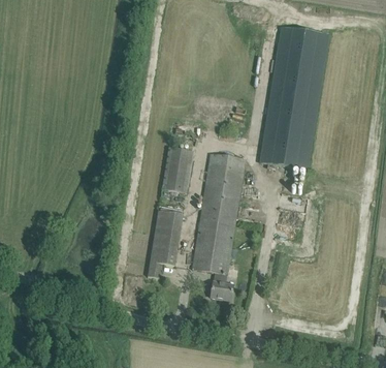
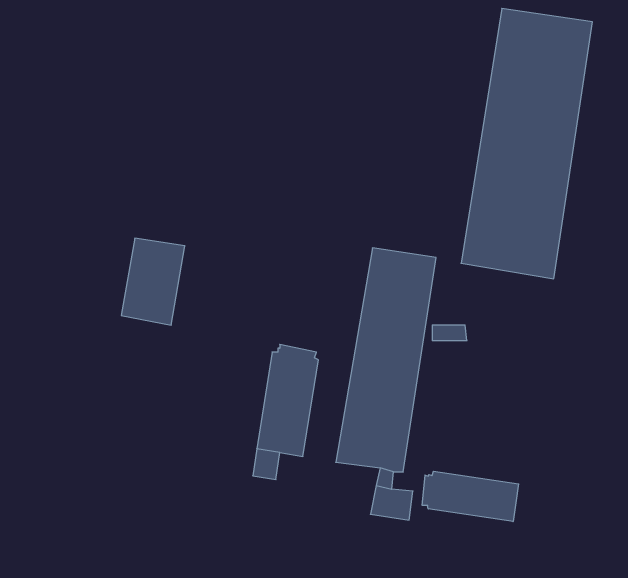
building: [160,146,194,192] -> [121,238,185,325]
building: none -> [422,471,519,522]

